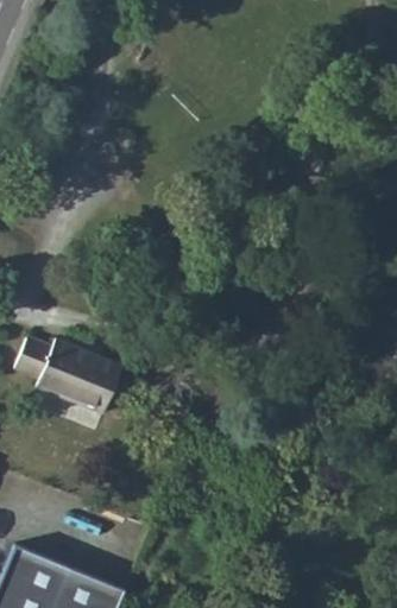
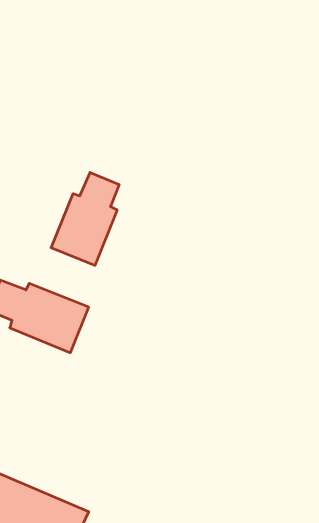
building: none -> [51,172,119,265]

